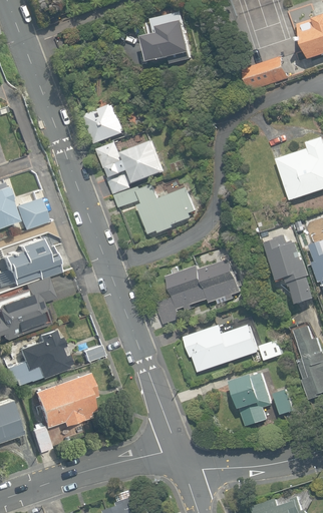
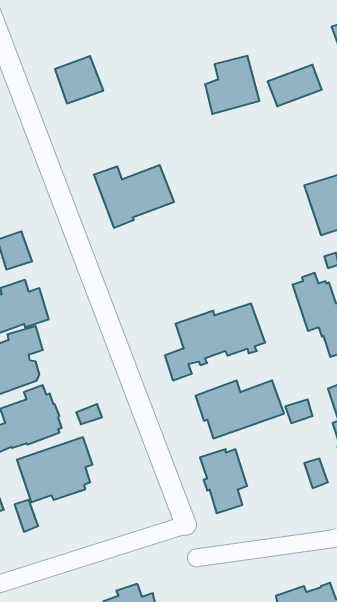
building: [145,13,192,62] -> [205,56,259,114]
building: [84,104,125,144] -> [55,56,103,103]
building: [114,184,196,233] -> none
building: [233,373,273,427] -> [200,449,247,513]

